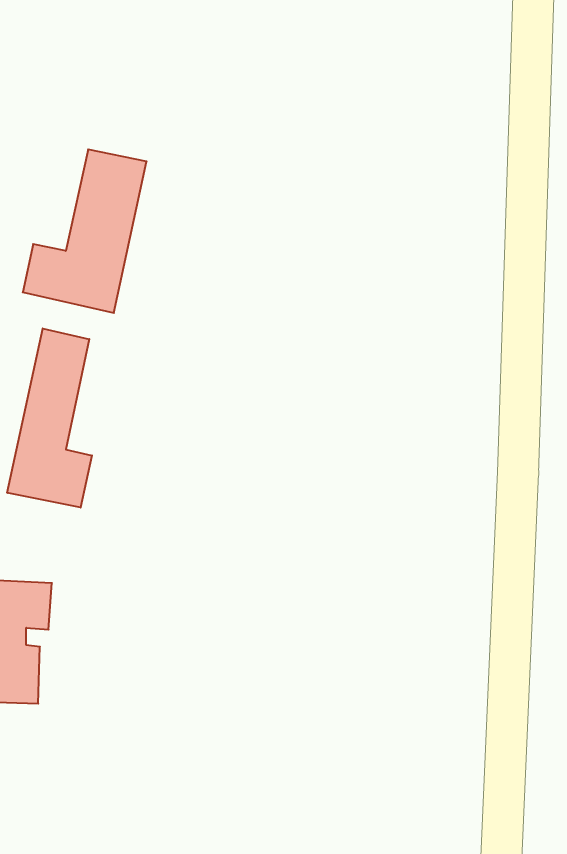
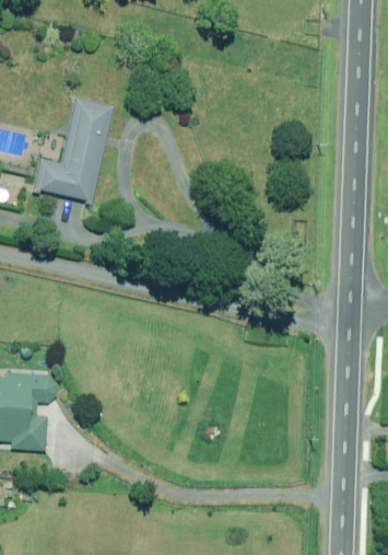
building: [7,328,92,508] -> none

